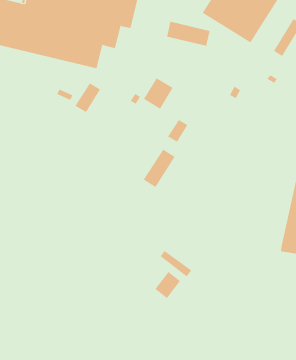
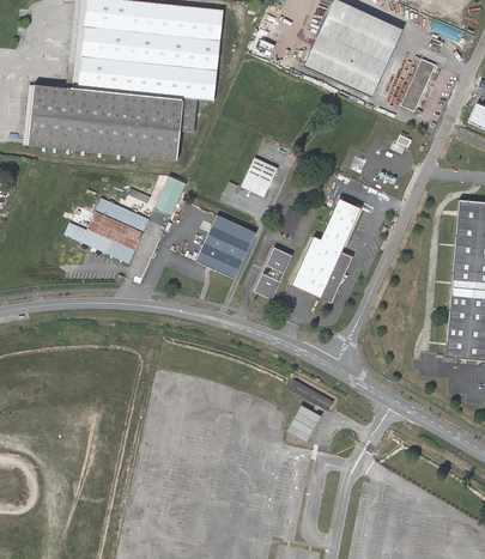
building: [166,21,210,47] -> none
building: none -> [66,196,148,262]
building: none -> [295,198,364,300]
building: none -> [195,214,255,278]

